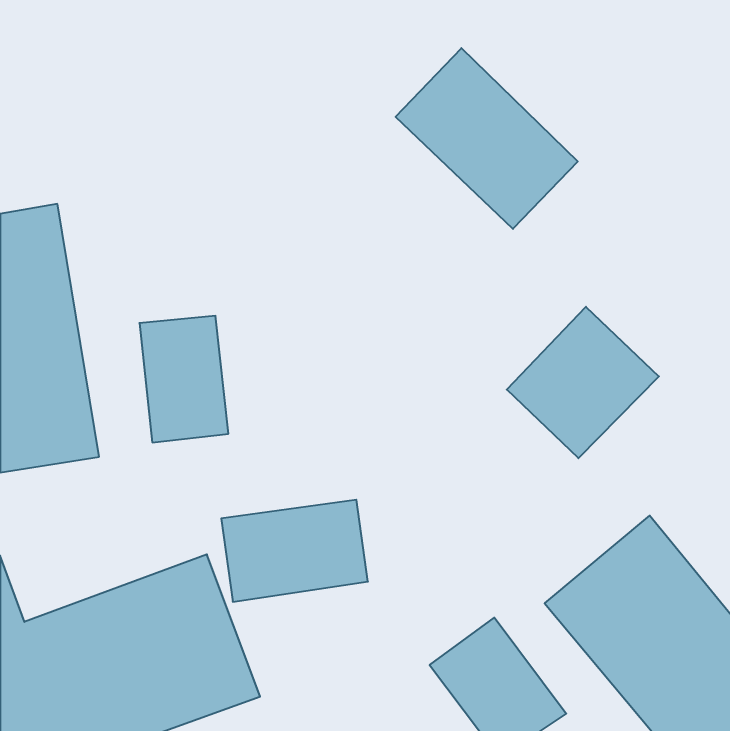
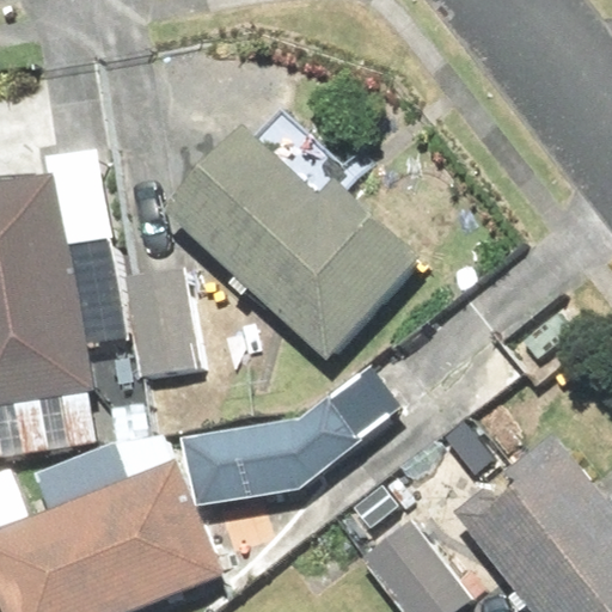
building: [396,48,578,229] -> none
building: none -> [165,127,421,363]
building: [507,307,659,458] -> none

